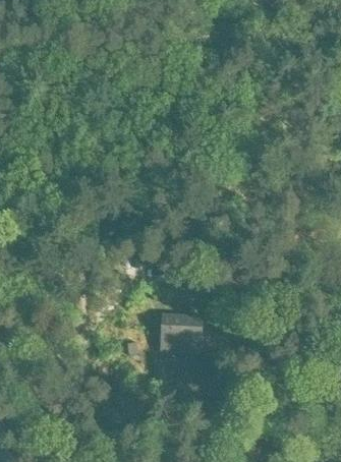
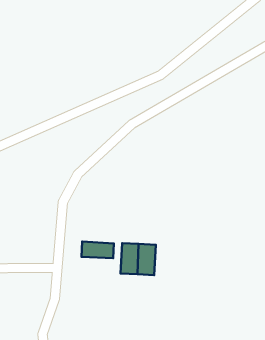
building: none -> [81,242,114,258]

